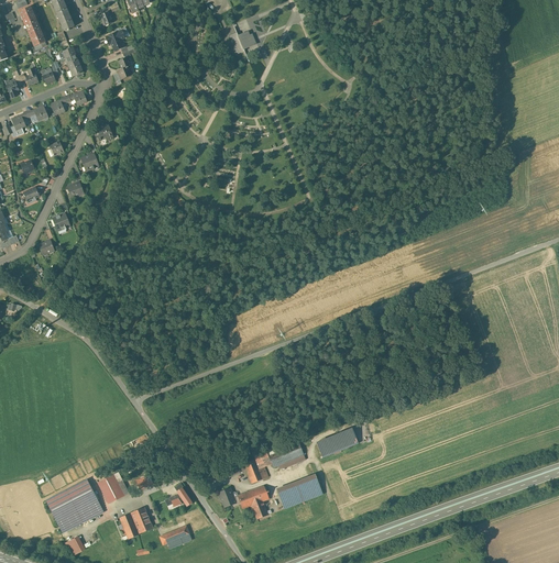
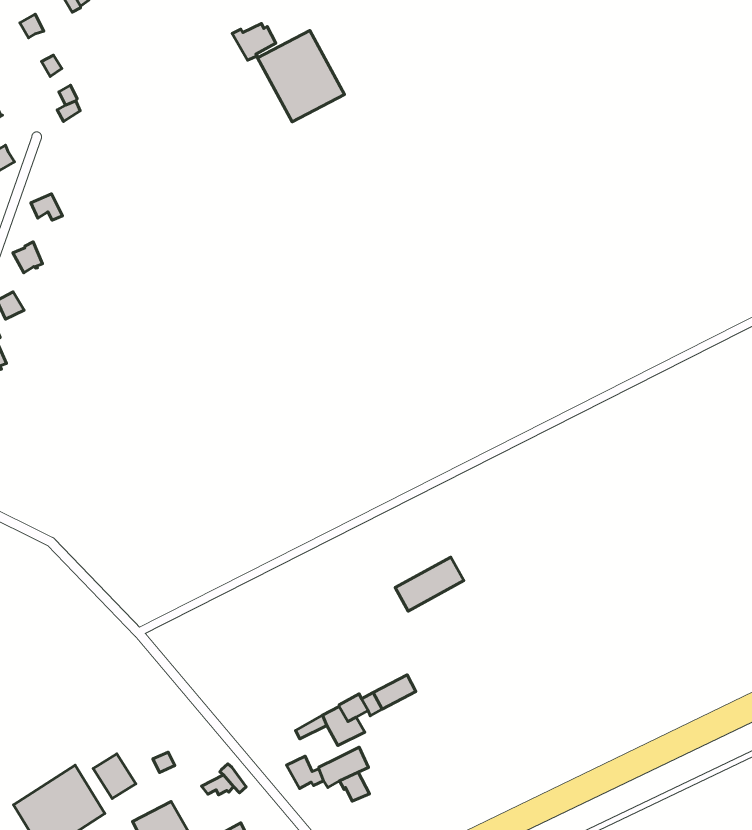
building: none -> [257,31,344,122]
building: [316,427,359,457] -> [395,557,464,611]
building: [276,474,322,508] -> none

